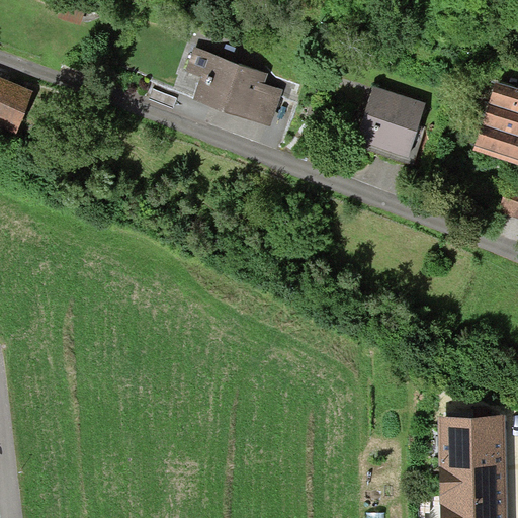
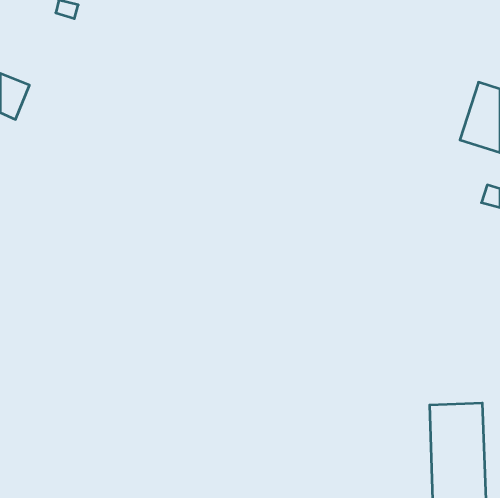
building: [187,51,280,119] -> none
building: [359,90,423,150] -> none

